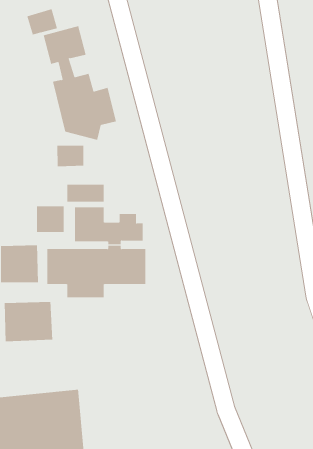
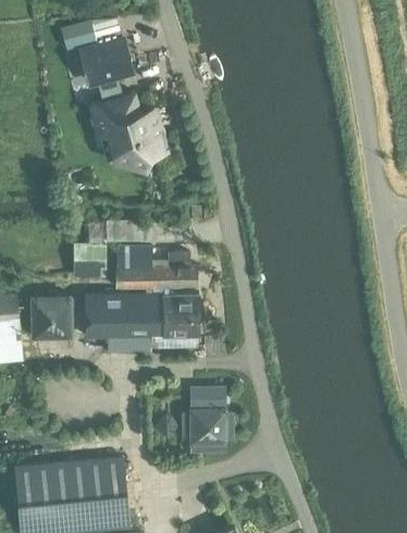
building: [57,145,84,167] -> none
building: [4,301,53,342] -> none
building: none -> [192,400,225,451]

